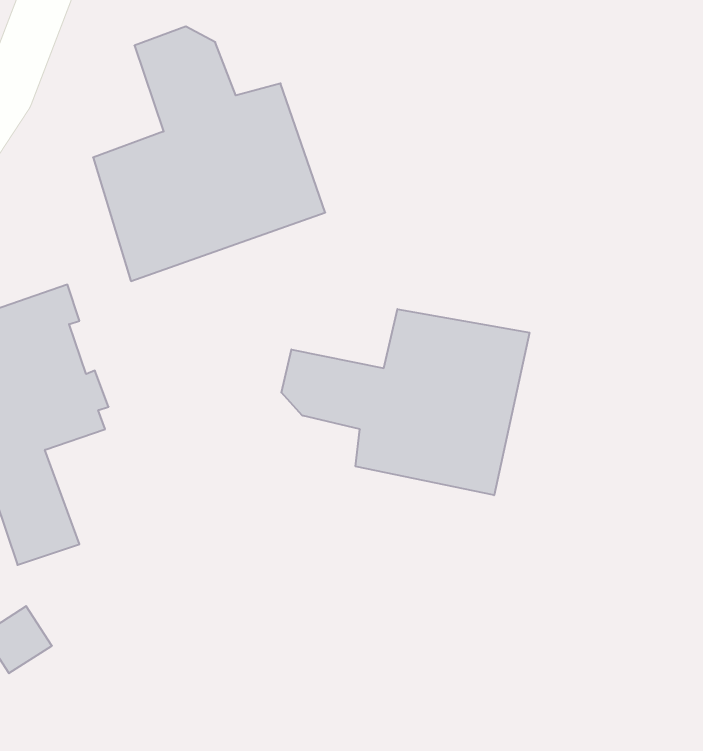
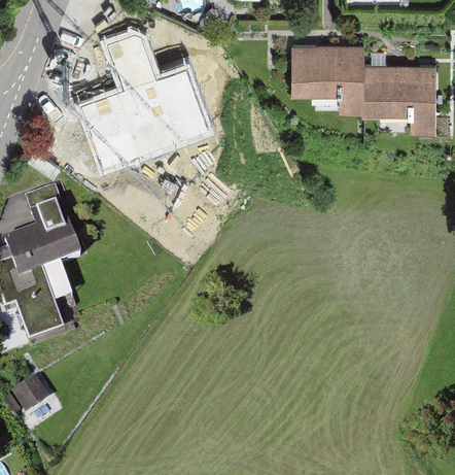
building: none -> [287,46,434,136]
building: [281,309,529,495] -> none

